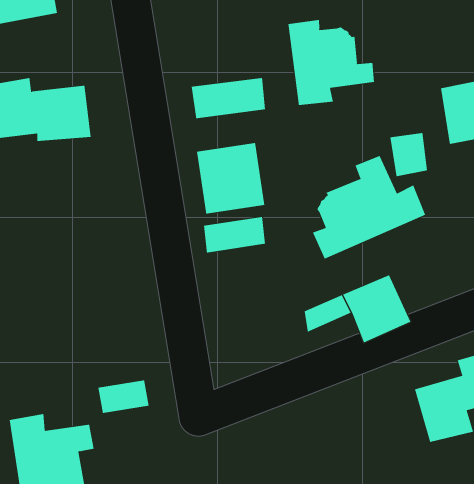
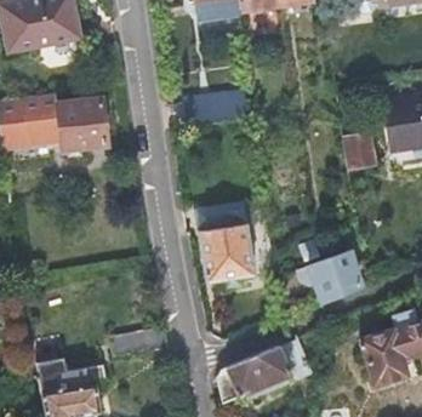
building: [288,19,374,106] -> none
building: [196,142,265,214] -> [196,224,251,281]
building: [312,155,426,259] -> none
building: none -> [217,337,316,402]

